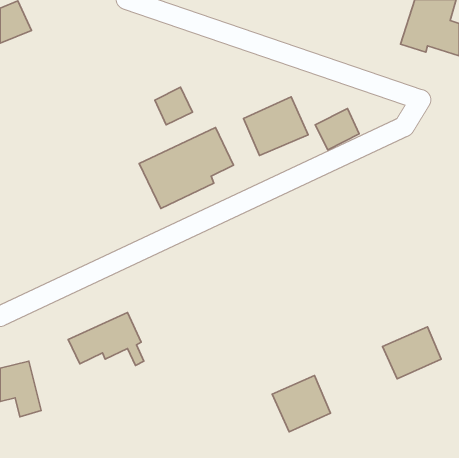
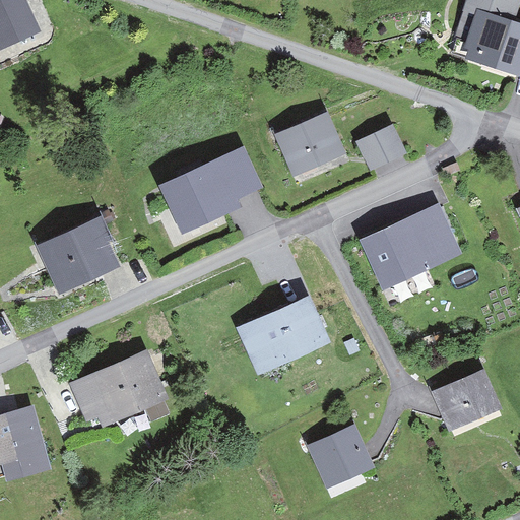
building: [155,87,193,125] -> none
building: none -> [364,205,455,281]
building: none -> [39,226,120,290]
building: none -> [237,295,331,375]

